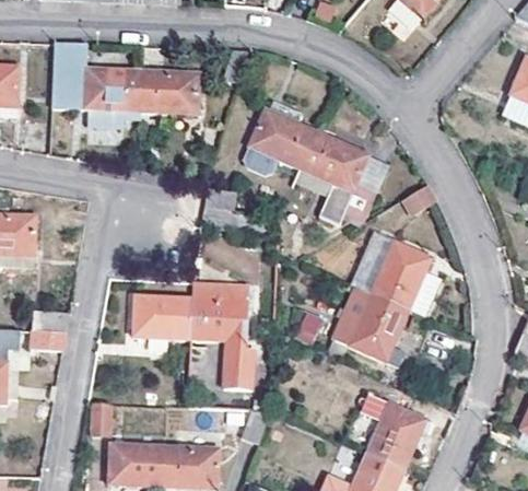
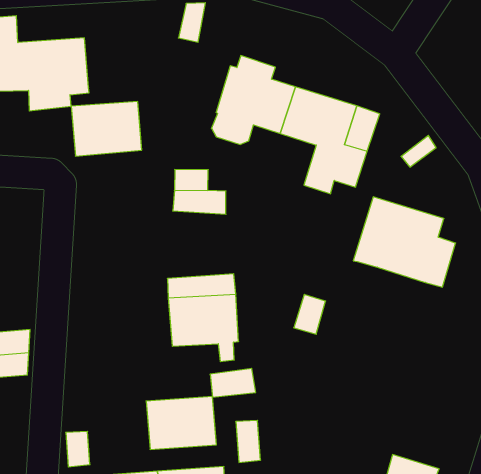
building: [142,69,200,113] -> [71,102,142,156]
building: [331,284,410,365] -> none
building: [132,295,190,339] -> [146,396,216,449]
building: [360,394,427,468] -> none

